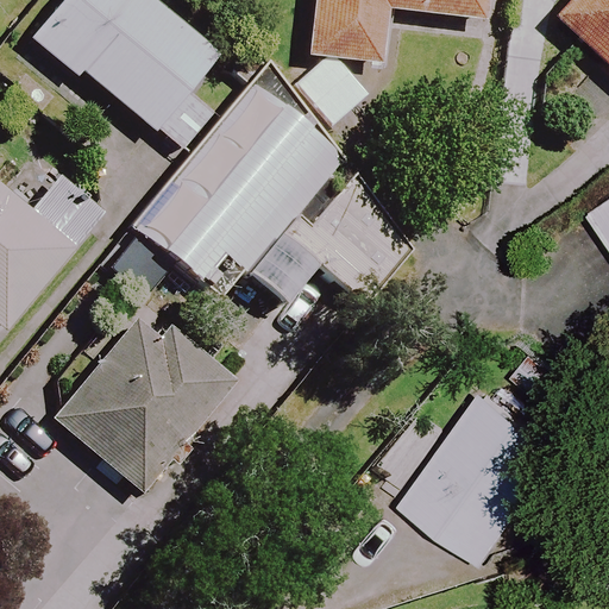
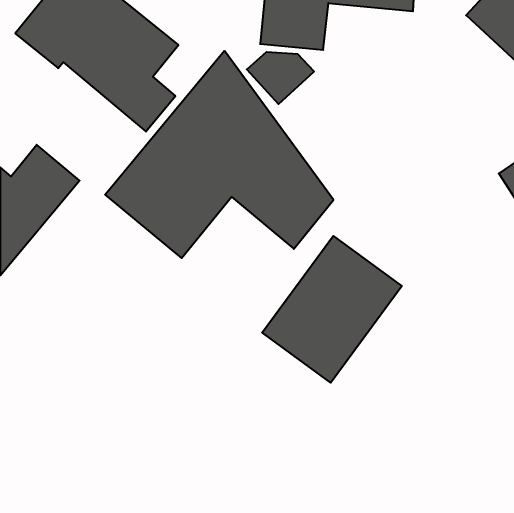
building: [50,309,231,494] -> none
building: [406,382,569,553] -> [262,236,402,383]

